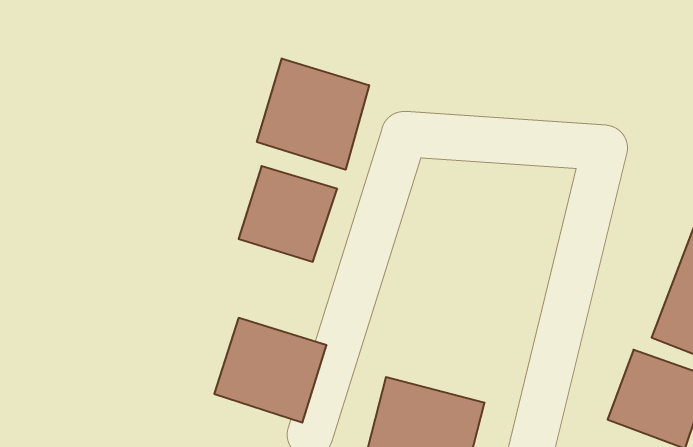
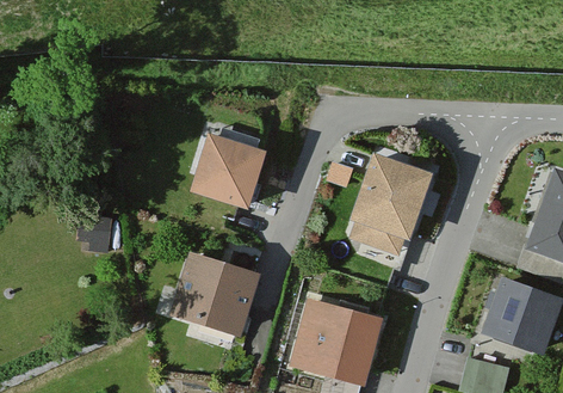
building: [257,58,369,170] -> none
building: none -> [349,153,434,254]

